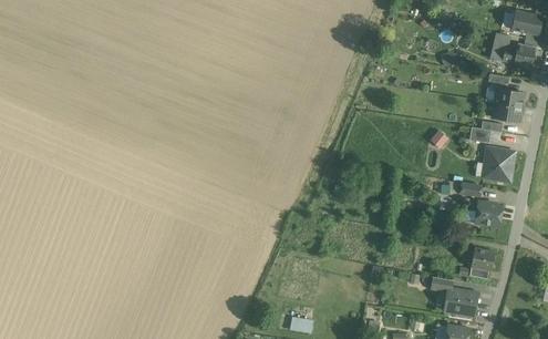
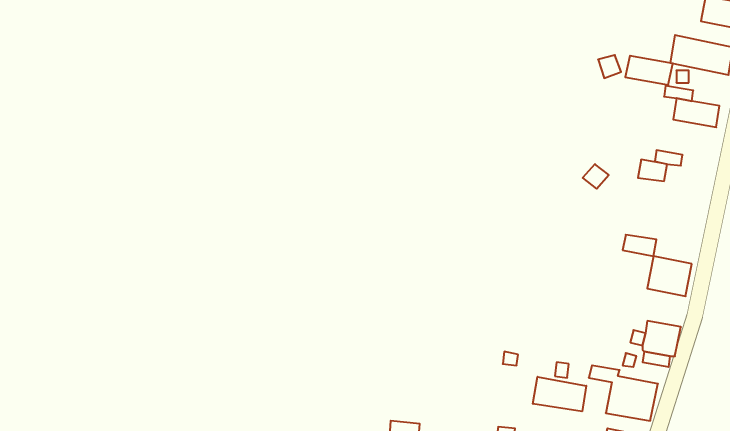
building: [488,100,523,121] -> [625,56,673,85]
building: [478,146,515,186] -> none
building: none -> [533,377,586,411]

